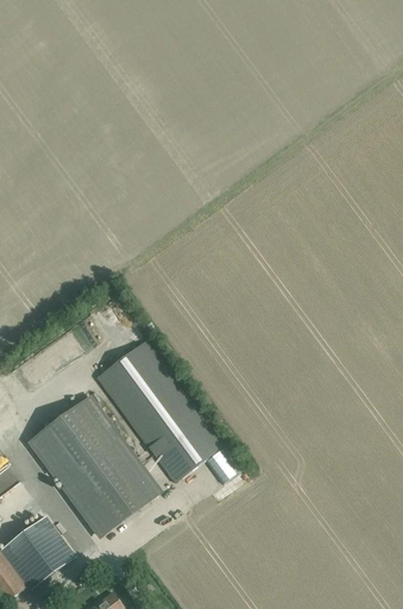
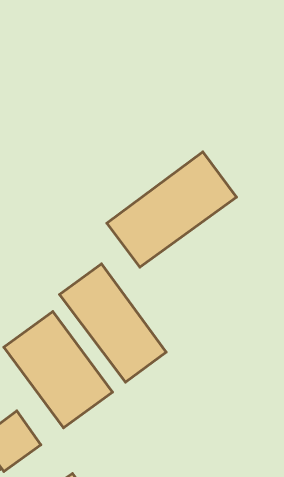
building: none -> [107,152,237,267]

